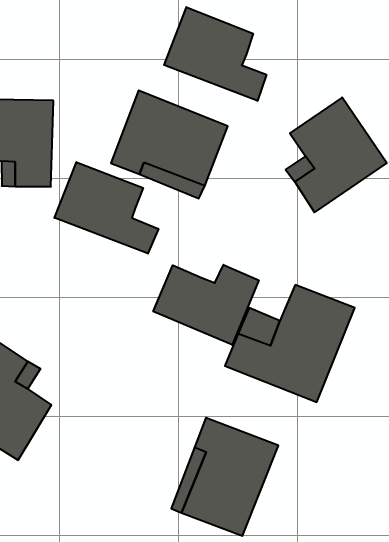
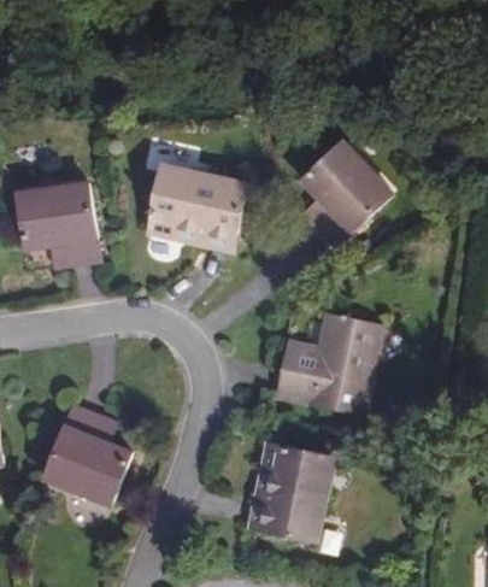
building: [164,7,266,101] -> none
building: [54,162,158,254] -> none
building: [153,265,259,345] -> none

